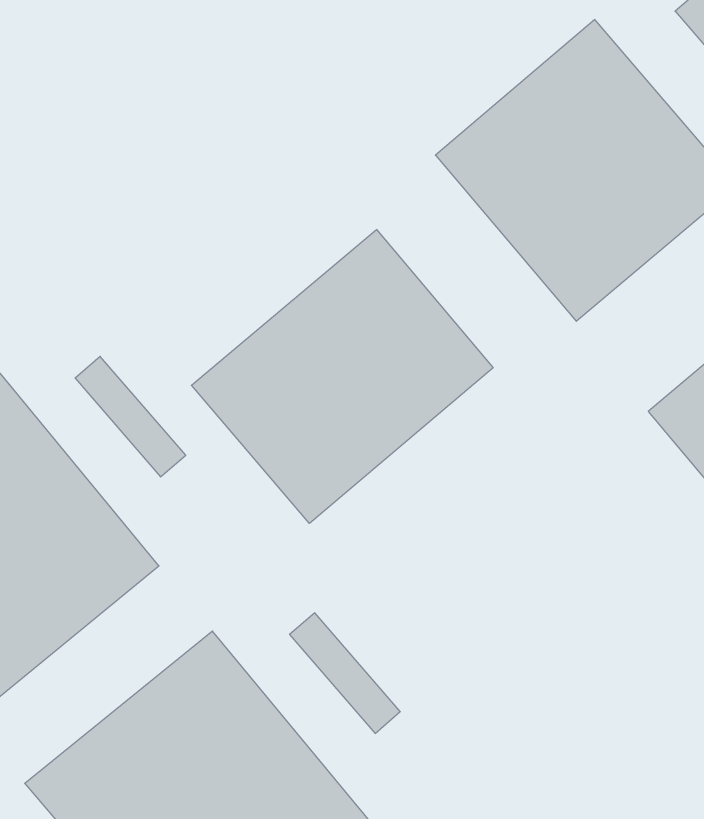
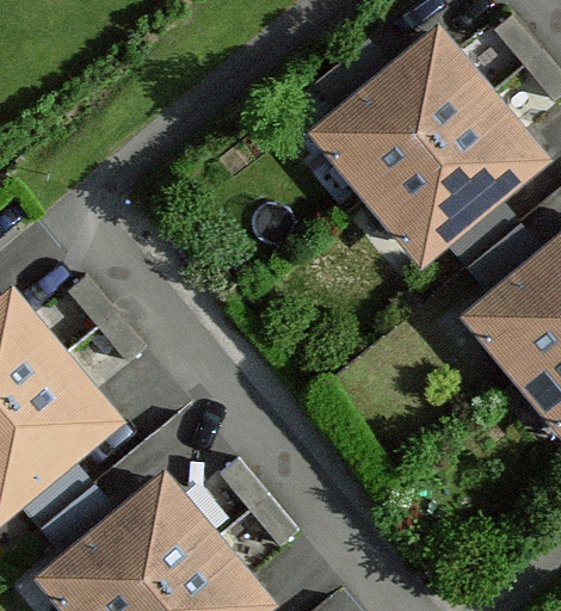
building: [191,230,493,523] -> none

